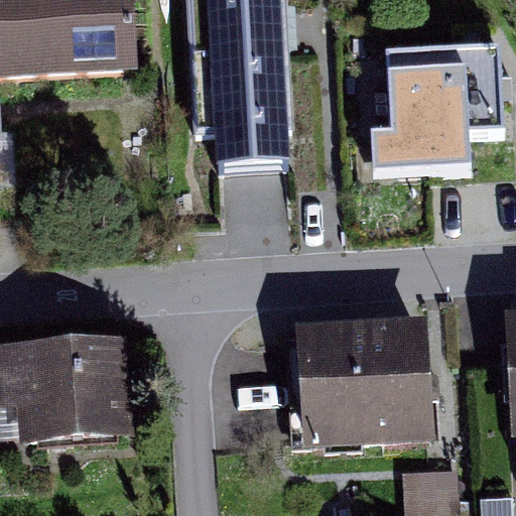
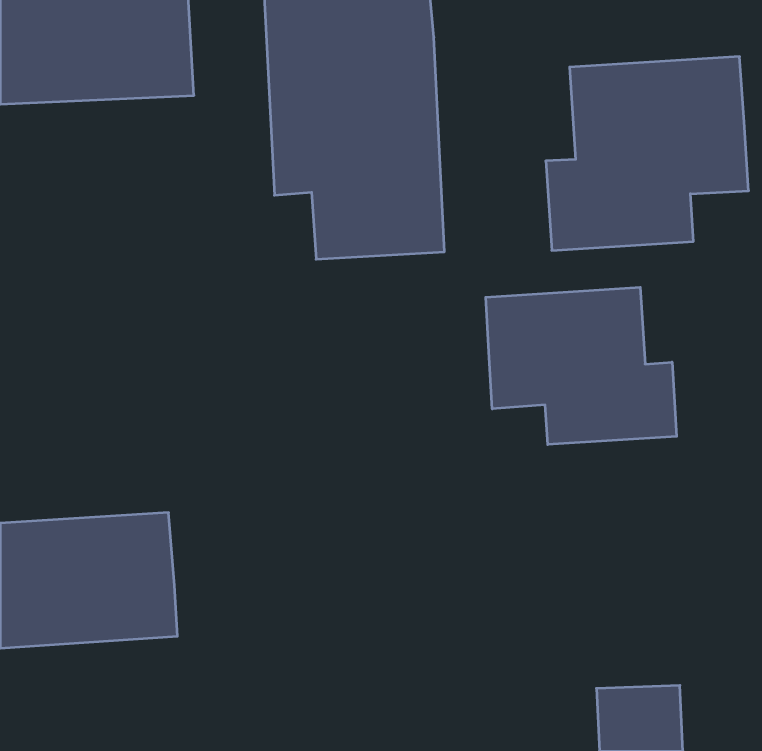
building: none -> [486,287,677,445]
building: [296,326,420,448] -> none

